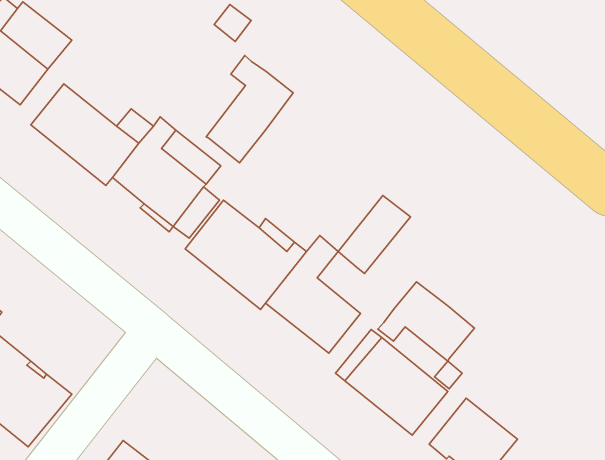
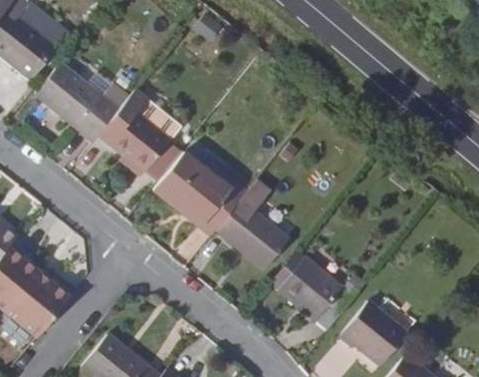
building: [206,55,293,163] -> none
building: [338,195,410,274] -> none
building: [378,282,475,361] -> none

